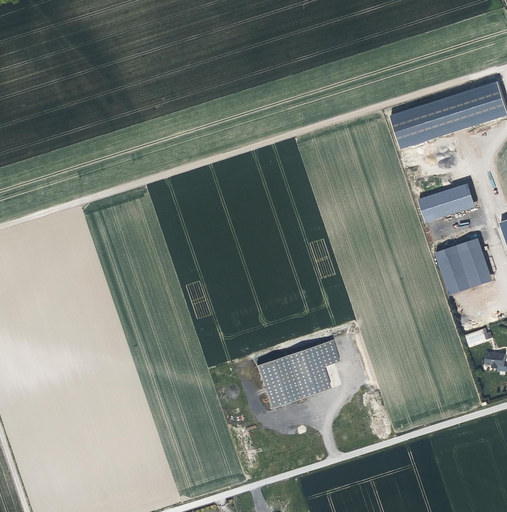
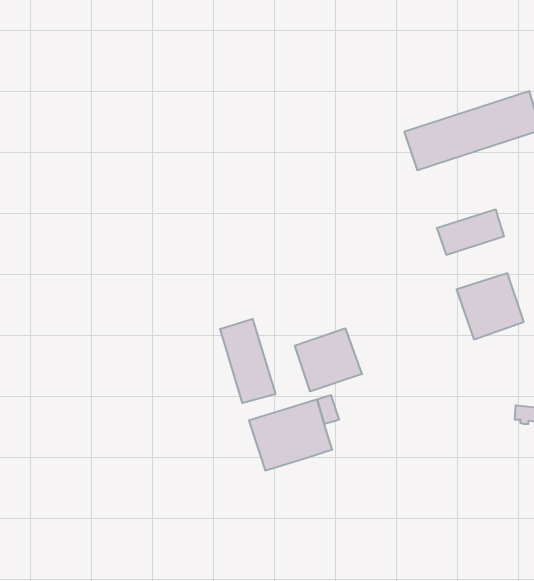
building: none -> [220,319,275,403]
building: none -> [295,328,362,391]

